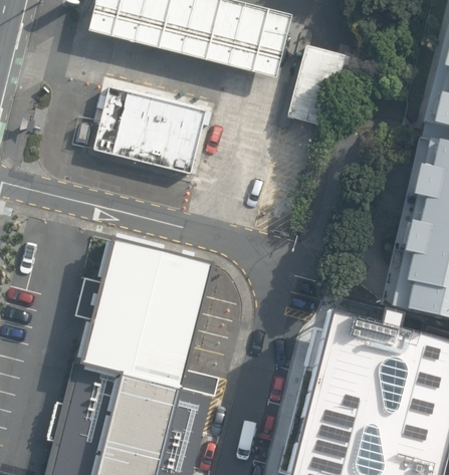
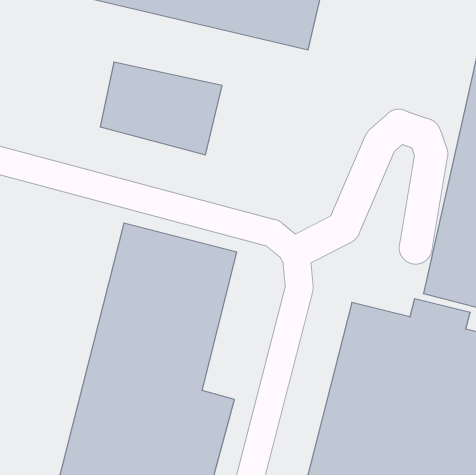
building: [291,47,341,127] -> none

